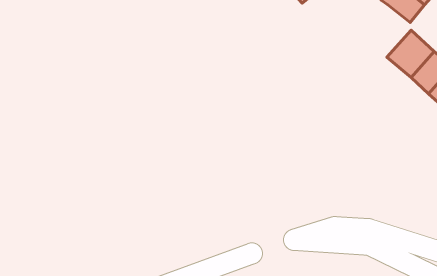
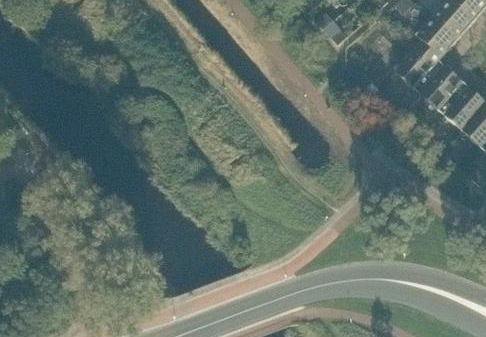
building: none -> [395,38,444,92]

